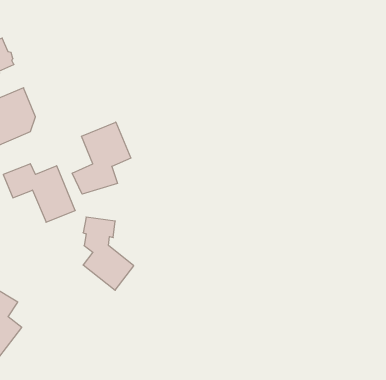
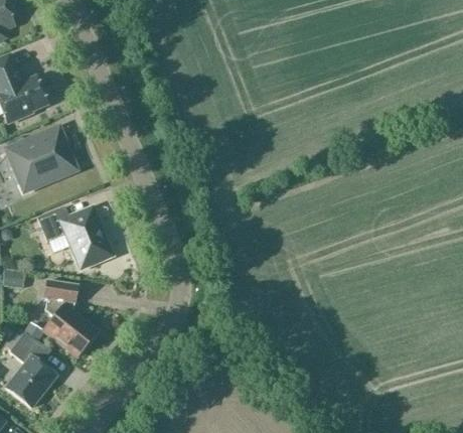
building: [72,122,131,194] -> none
building: [83,217,134,290] -> [43,281,96,356]

